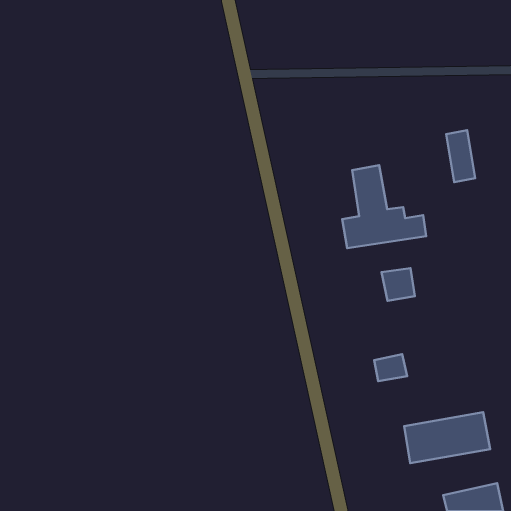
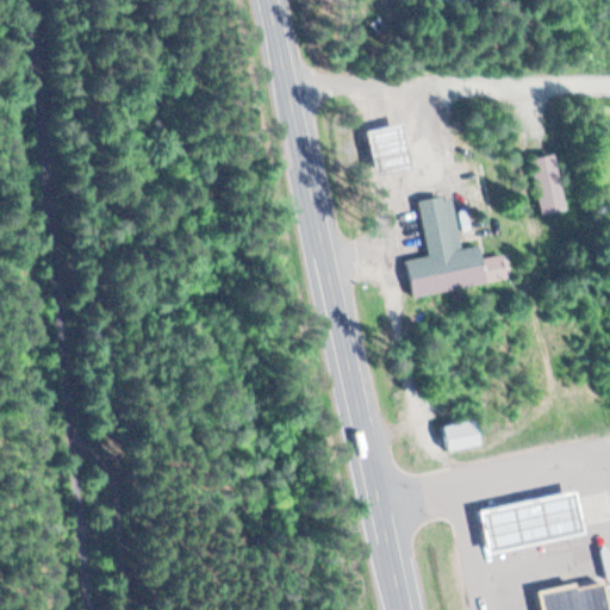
building: none -> [372,130,409,172]
building: [382,268,415,301] -> none

